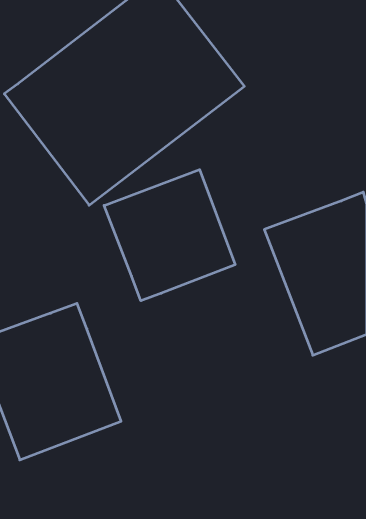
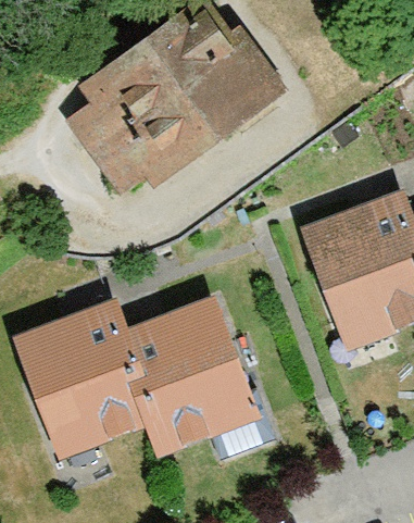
building: [104,170,235,301] -> none
building: none -> [128,296,261,450]

